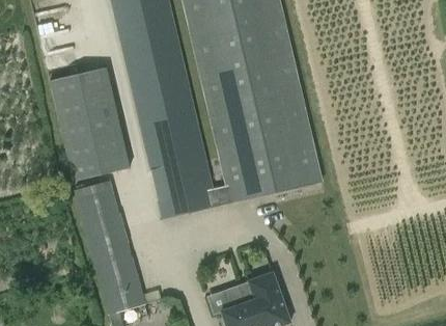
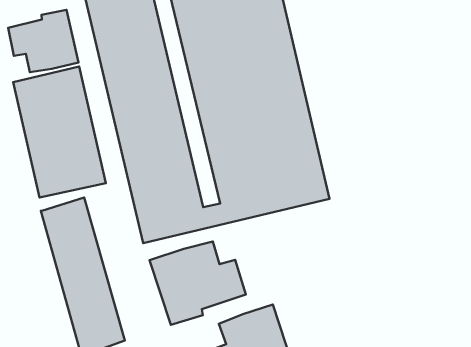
building: none -> [8,10,78,72]
building: none -> [150,241,246,325]

